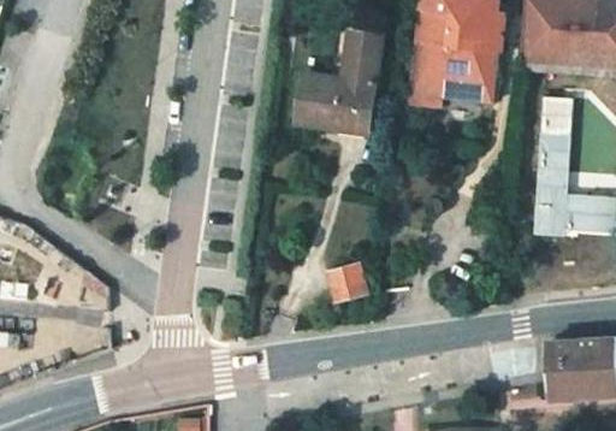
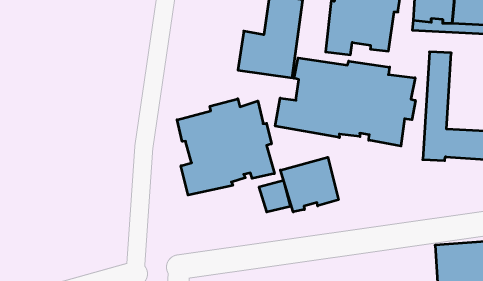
building: none -> [275,58,415,146]
building: none -> [177,99,274,195]
building: none -> [280,157,338,212]

